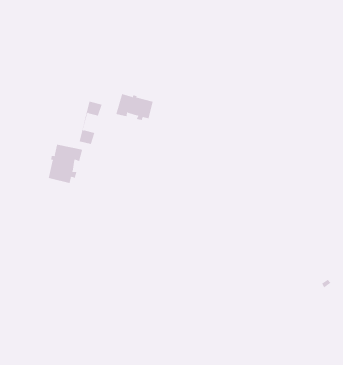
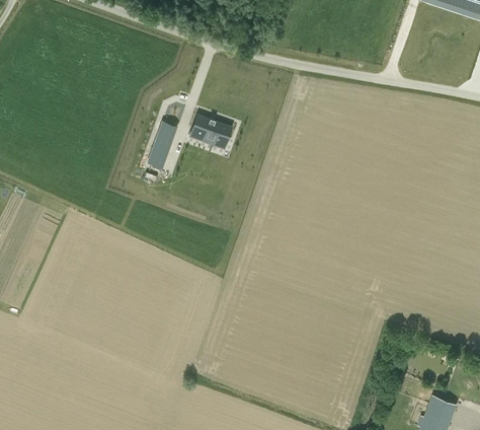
building: [48,144,83,184] -> none

